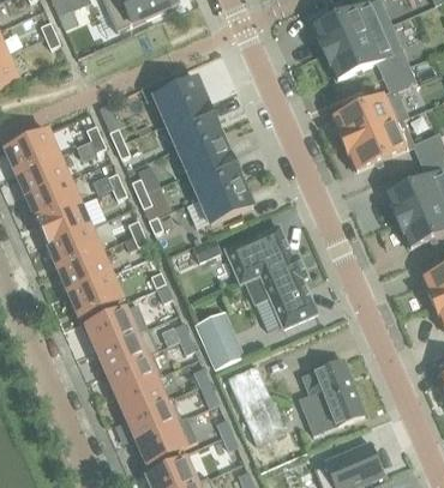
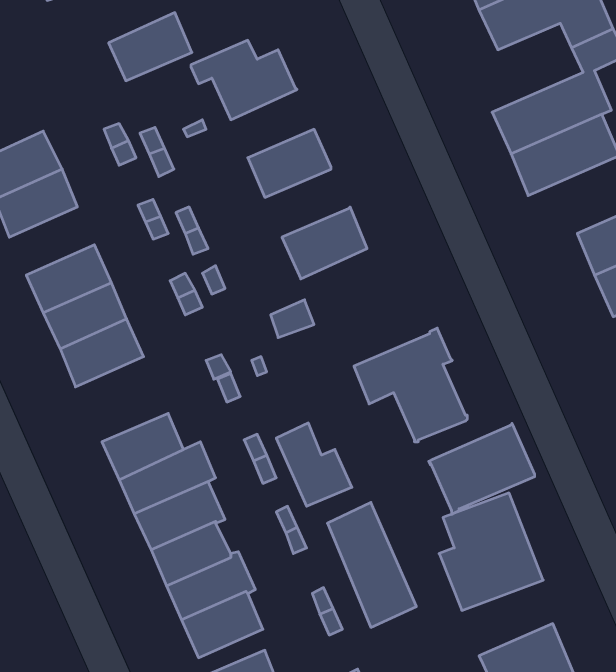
building: [166,103,218,146] -> [109,13,192,81]
building: [187,153,240,197] -> none
building: [25,177,79,221] -> none
building: [224,224,292,282] -> [429,423,535,514]
building: [67,272,121,317] -> none

